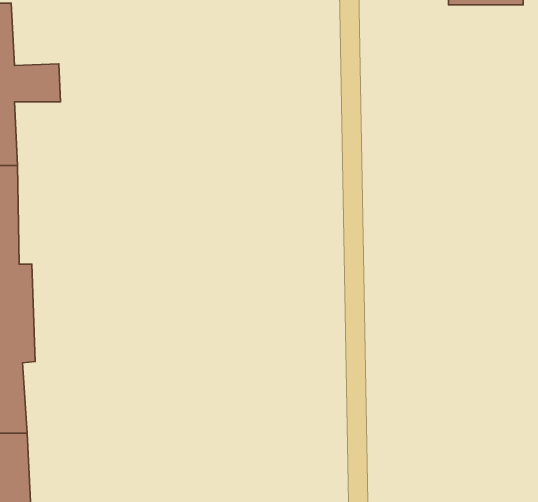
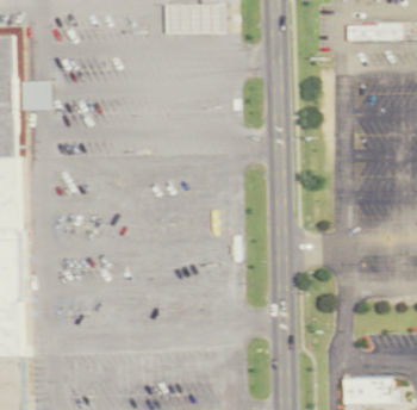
building: none -> [346,377,399,402]

